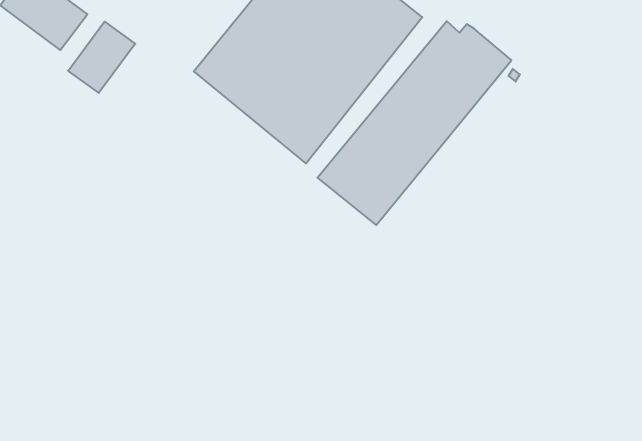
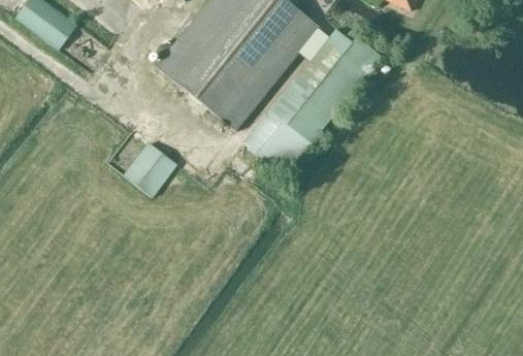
building: [68,22,135,93] -> none
building: none -> [124,141,176,196]

